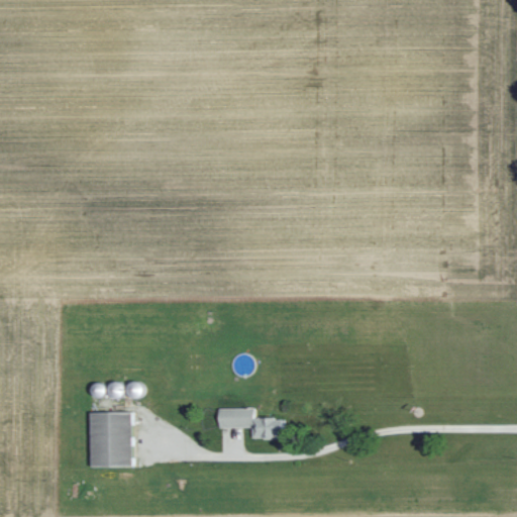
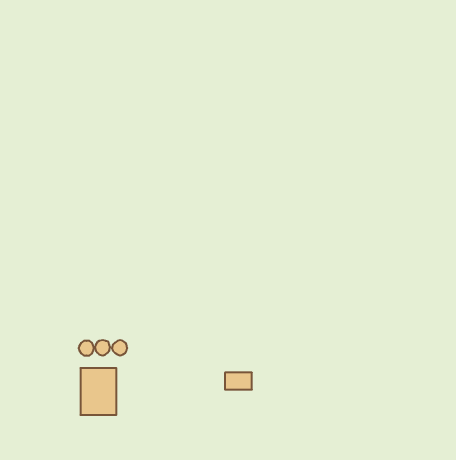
building: [218,408,251,426] -> none

